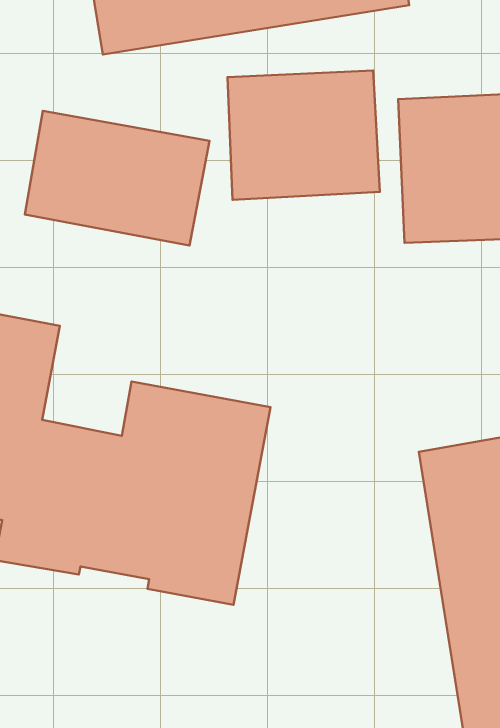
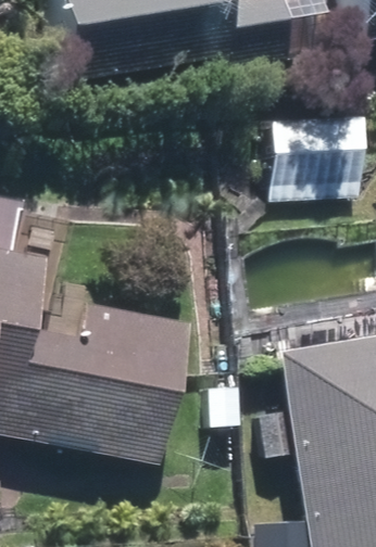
building: [227,71,380,200] -> none
building: [25,111,209,245] -> none

